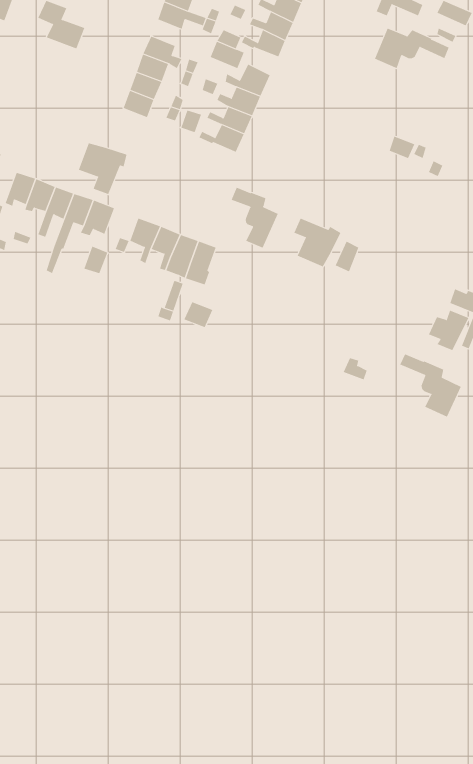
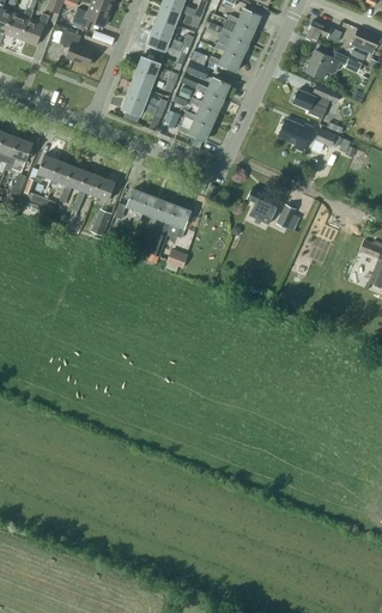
building: none -> [292,85,340,119]
building: none -> [278,119,313,152]
building: [78,143,127,195] -> none
building: [231,187,278,249] -> none
building: [400,353,462,417] -> none

